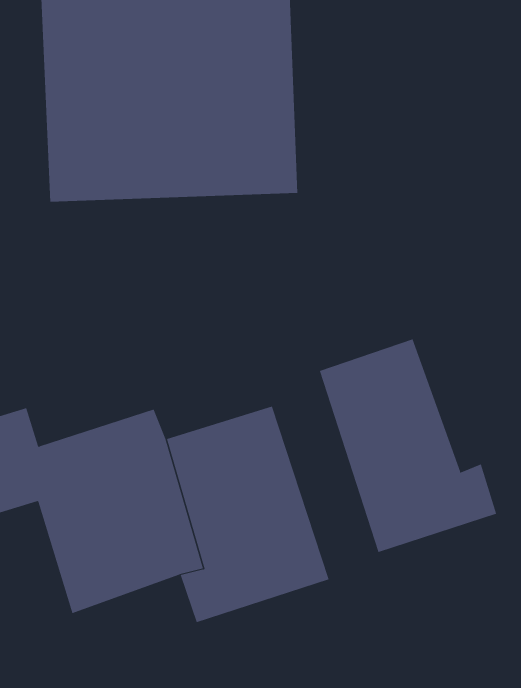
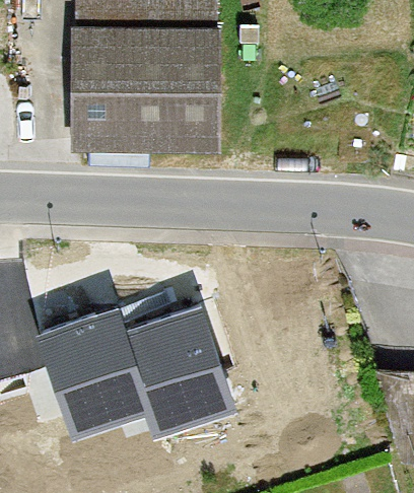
building: [319,338,497,553] -> none

